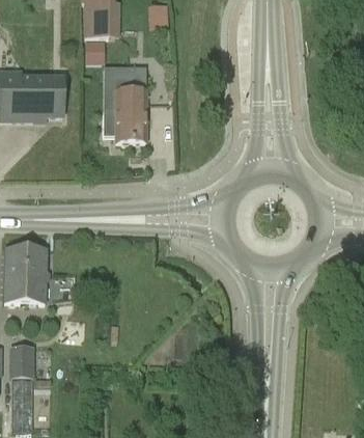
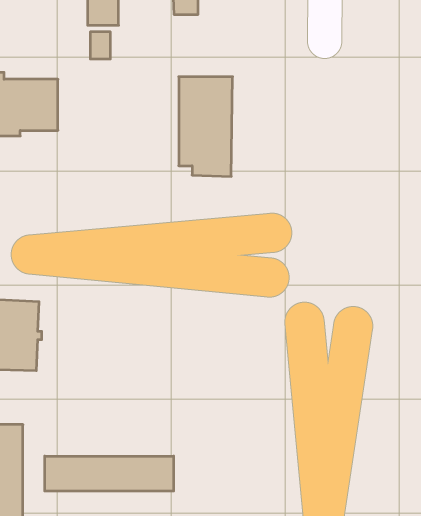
building: [104,64,145,141] -> [179,77,233,176]
building: none -> [45,456,174,491]

